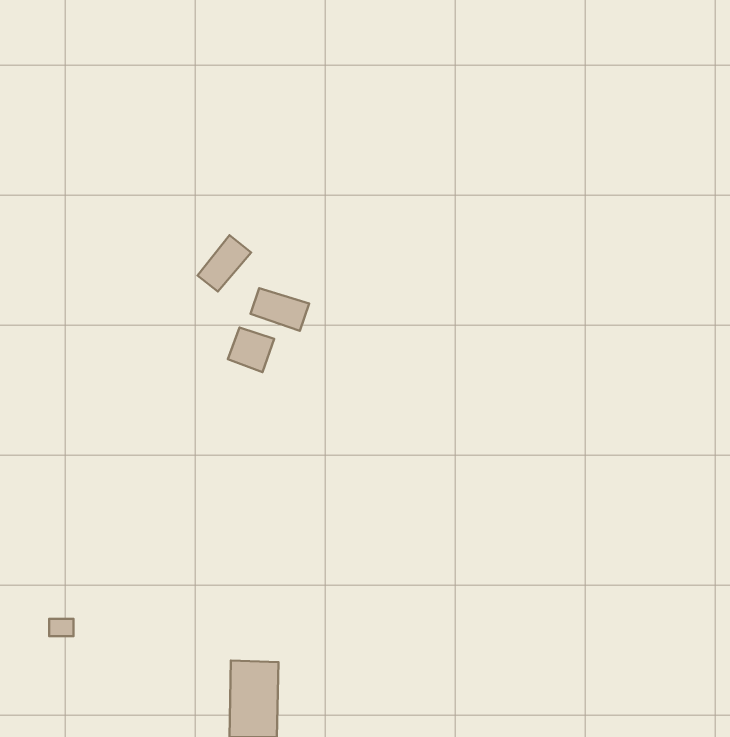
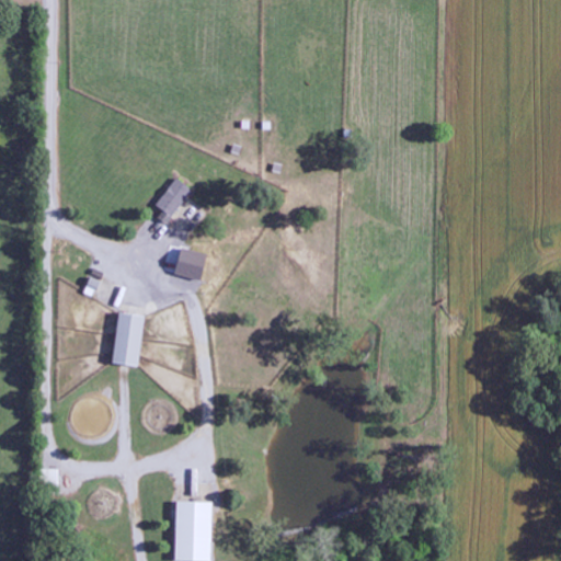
building: [250,288,309,331] -> none
building: none -> [112,313,145,367]

